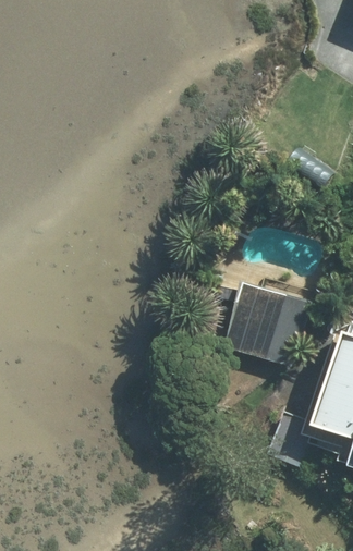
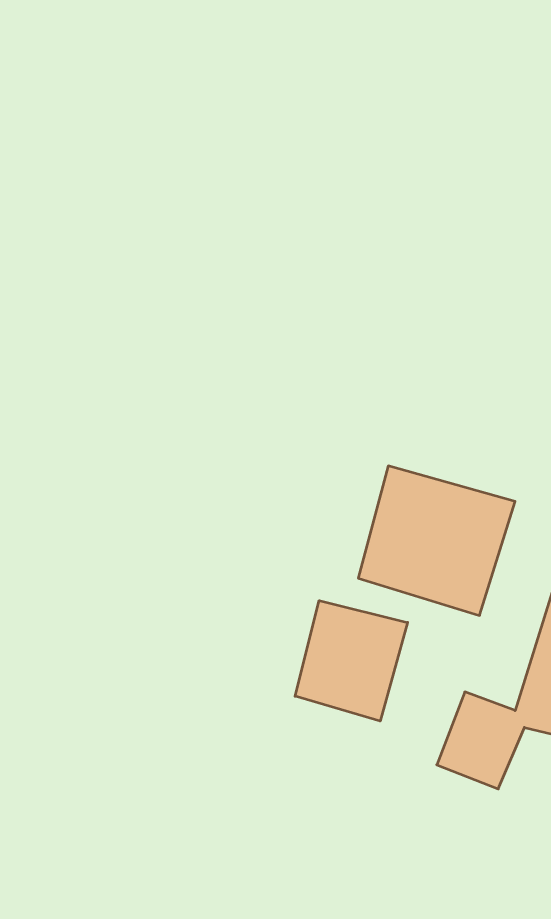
building: none -> [295,601,408,721]

